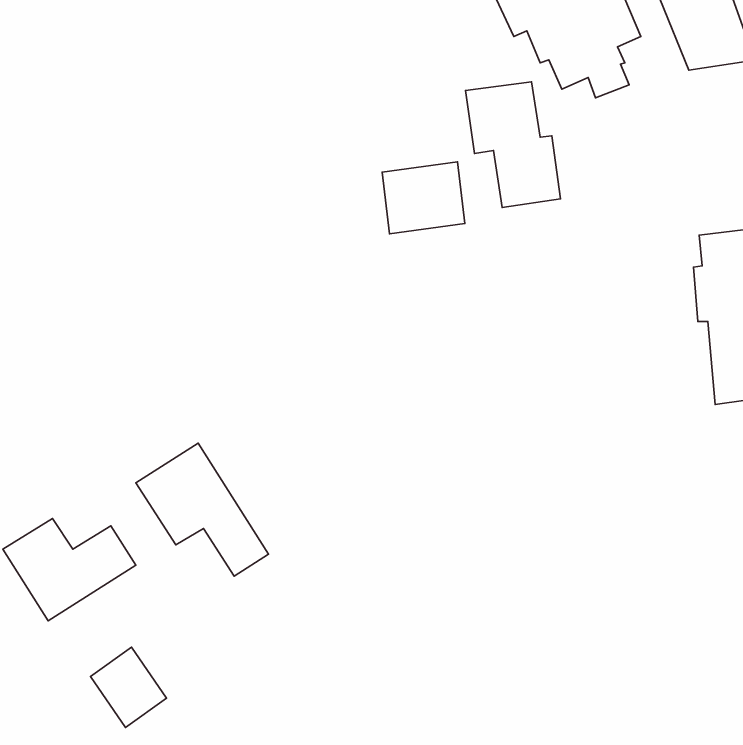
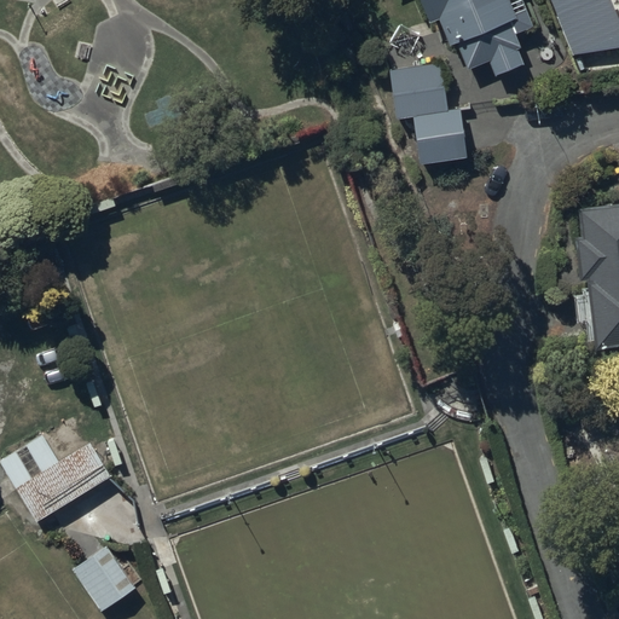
building: [382,162,465,234] -> none
building: [136,443,268,576] -> none

